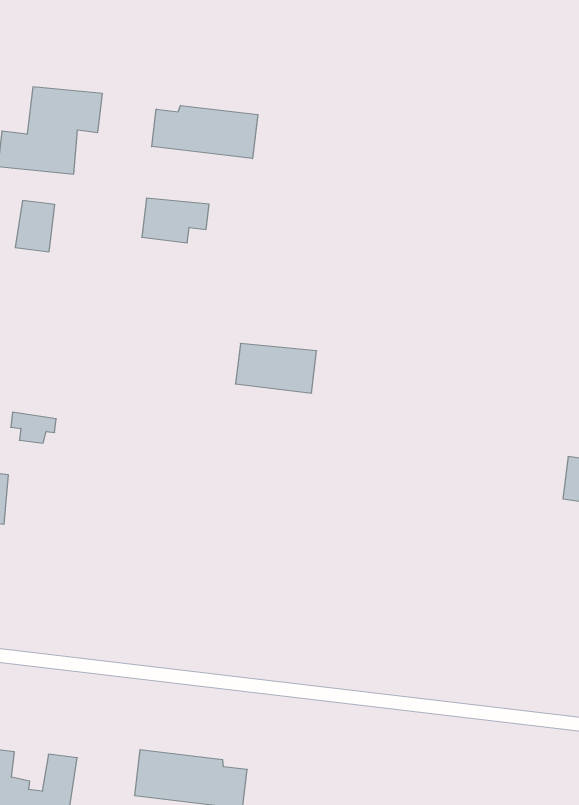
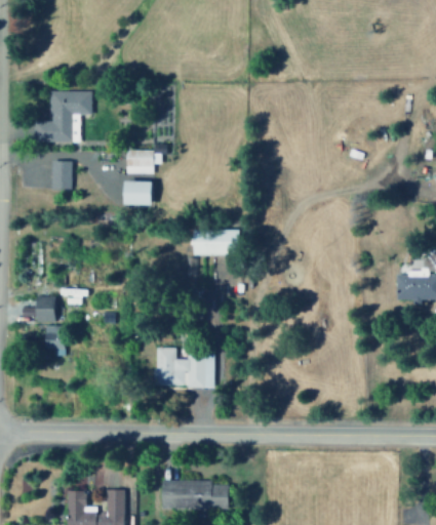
building: [152,105,258,159] -> none
building: none -> [122,180,152,206]
building: none -> [156,349,215,389]

